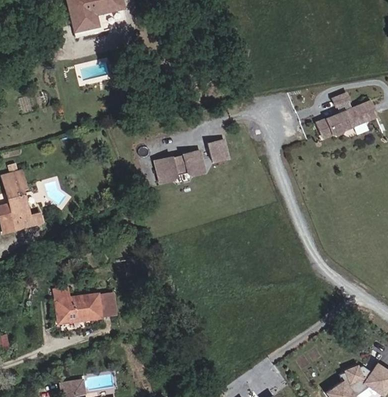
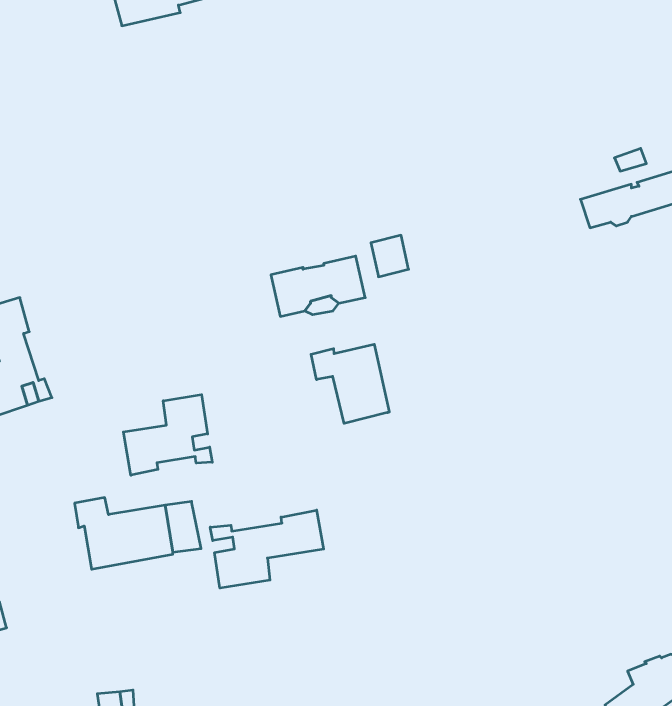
building: none -> [311,344,389,423]
building: none -> [123,395,212,475]
building: none -> [210,510,324,588]

